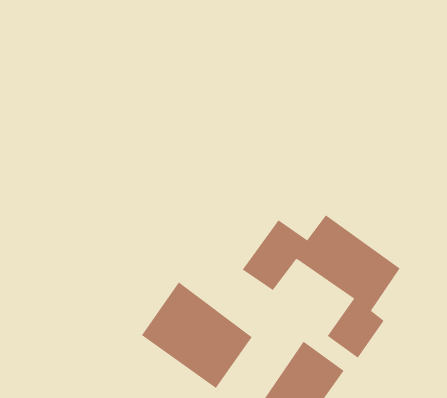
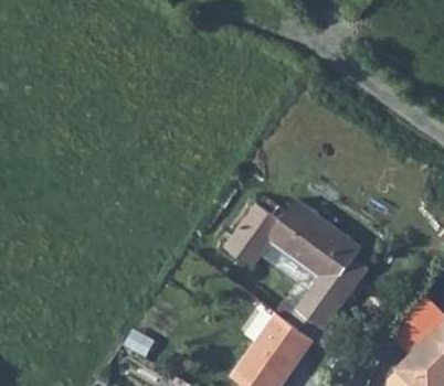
building: [141,282,253,389] -> none

